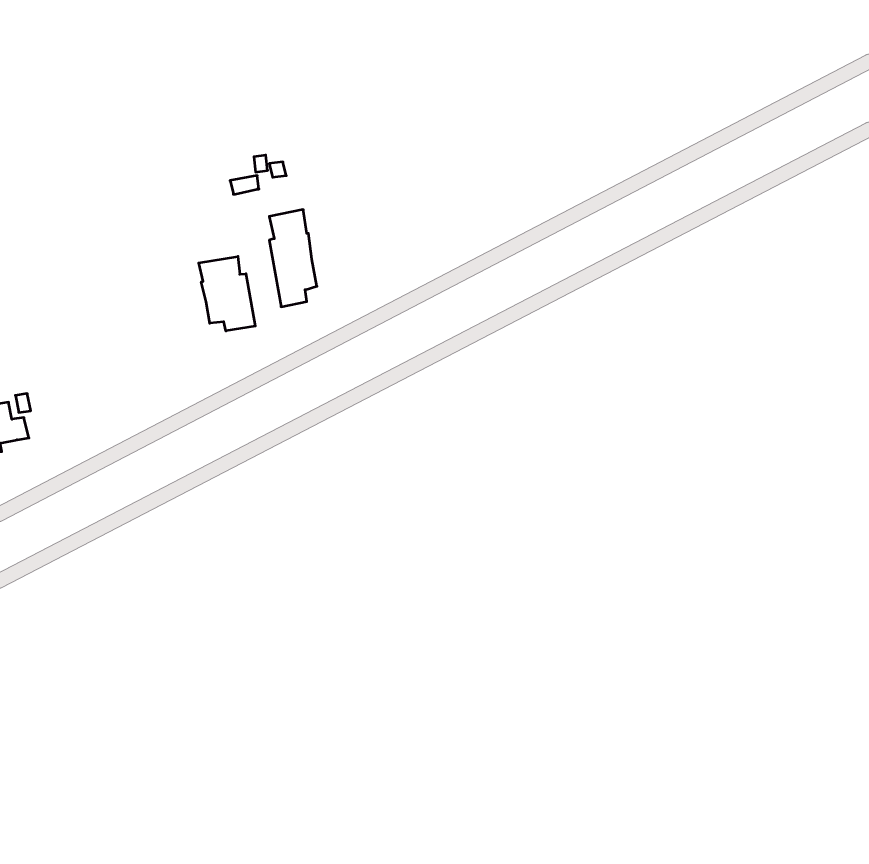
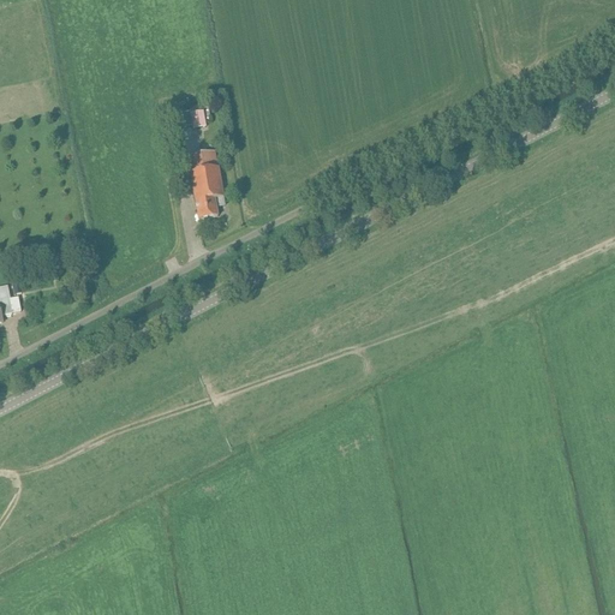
building: [199,256,255,331] -> none

